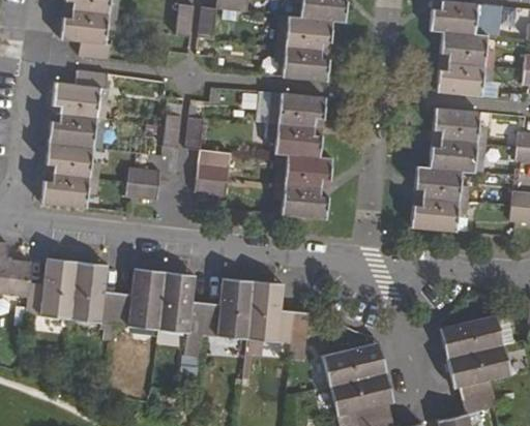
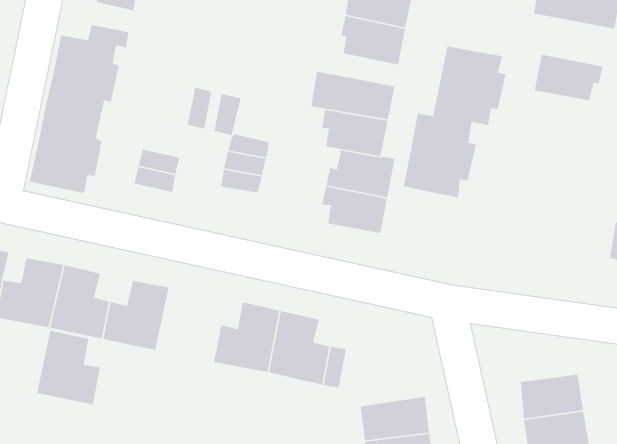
building: [440,32,492,67] -> none
building: [411,110,485,231] -> [403,45,506,198]
building: [154,275,204,332] -> [36,330,101,405]

